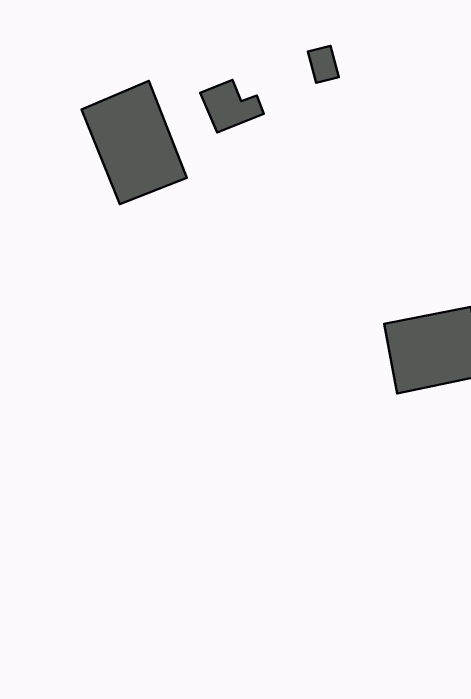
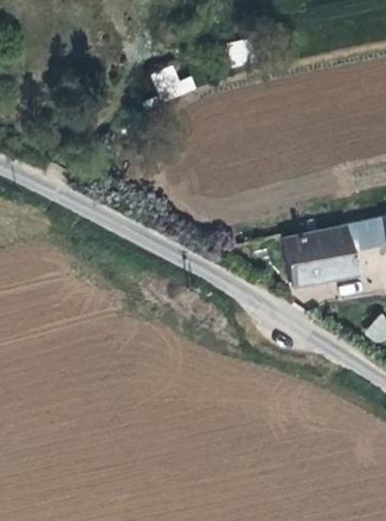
building: [81,81,187,204] -> none

